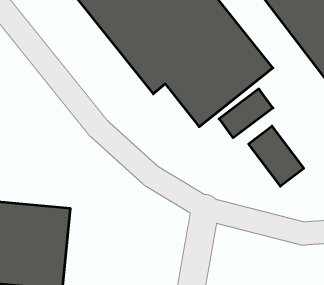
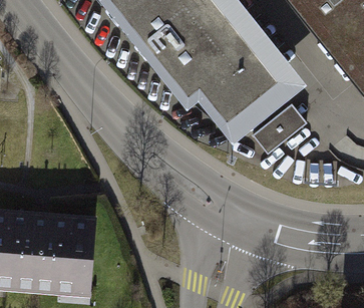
building: [249,126,304,186] -> none

